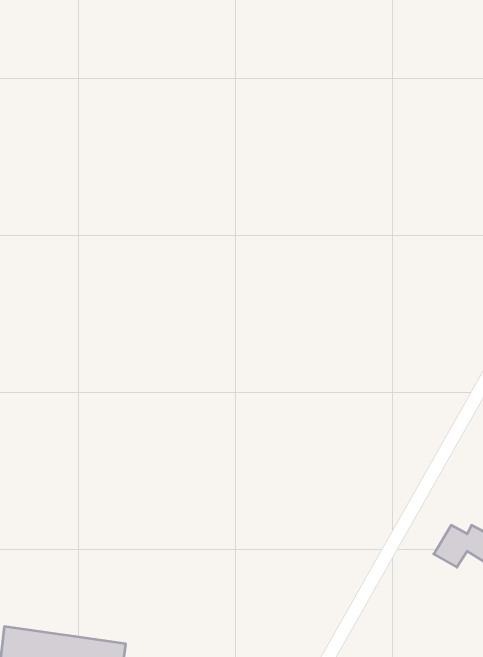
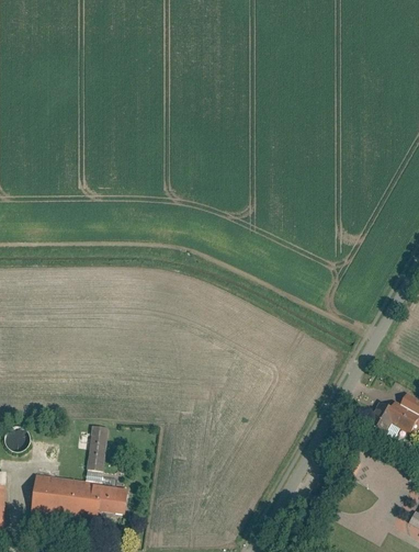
building: none -> [87,427,109,470]

